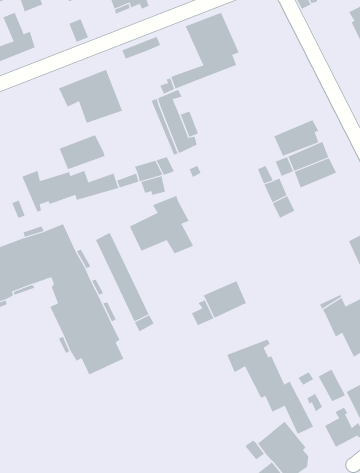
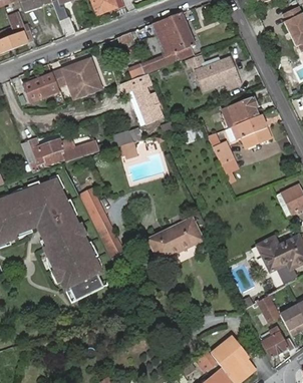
building: none -> [189,55,242,90]
building: [59,135,106,170] -> [23,73,60,101]
building: [129,195,194,254] -> none
building: [227,339,314,435] -> none

